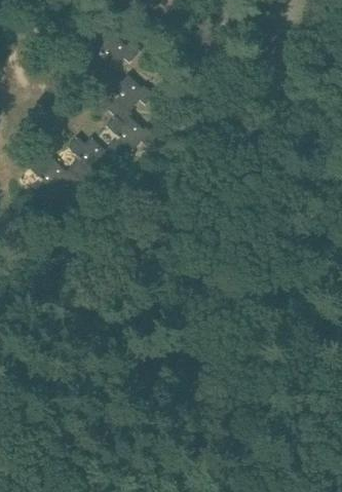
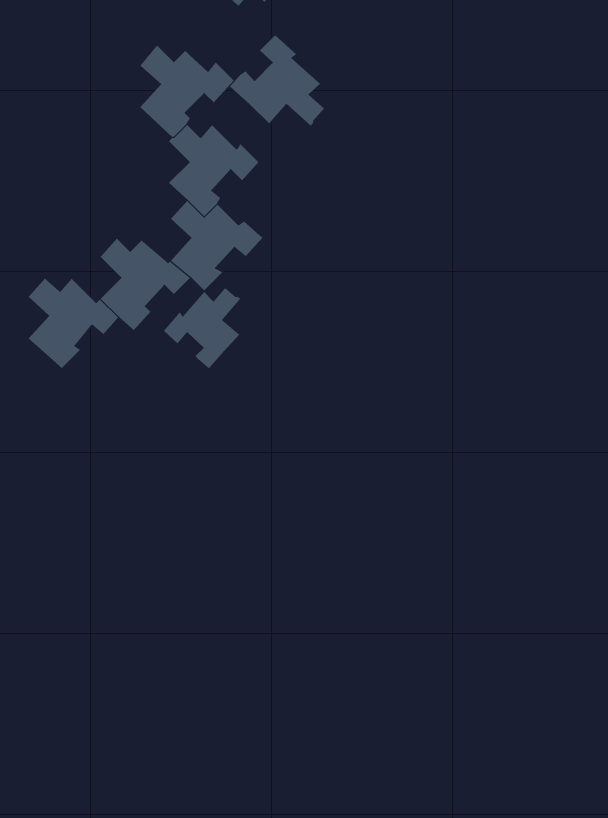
building: none -> [229,35,325,126]
building: none -> [163,287,241,369]

